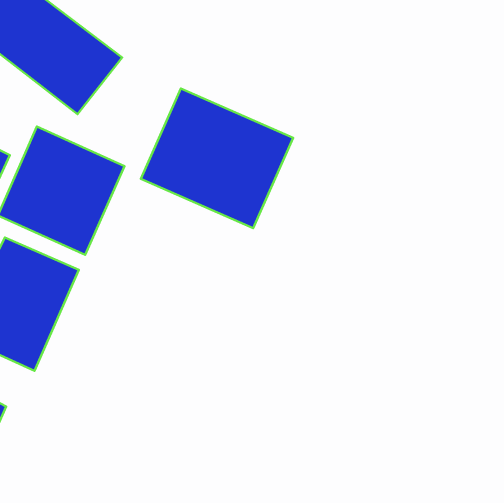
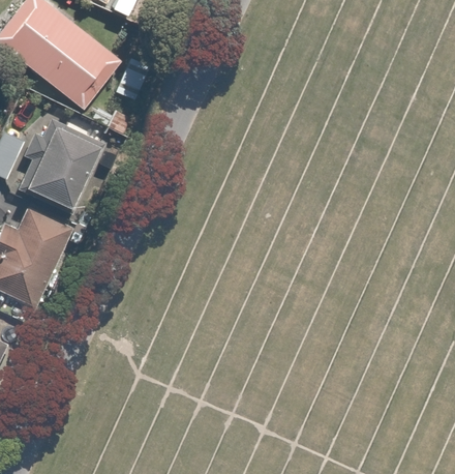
building: [141,89,293,228] -> none

